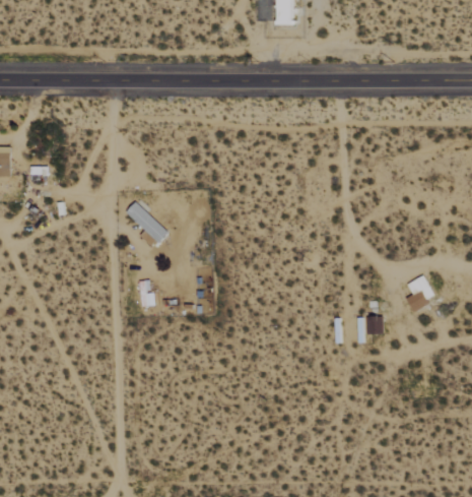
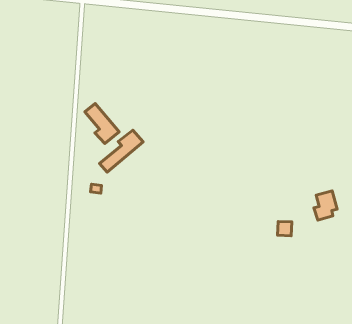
building: none -> [100,130,143,172]

